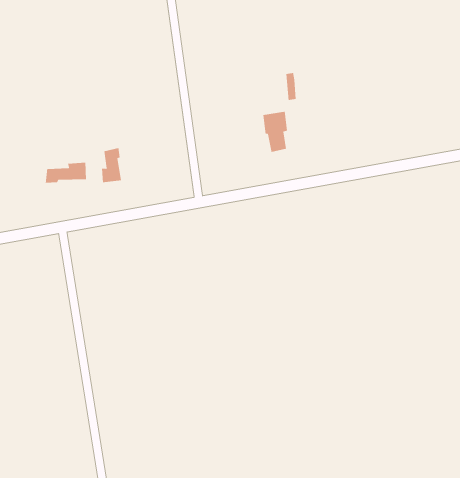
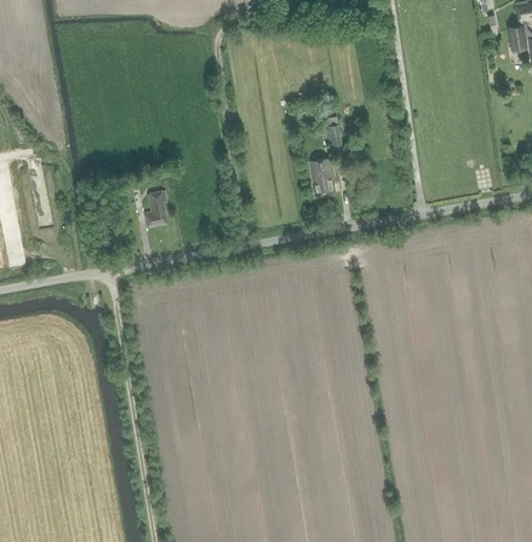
building: [45,162,86,183] -> none

